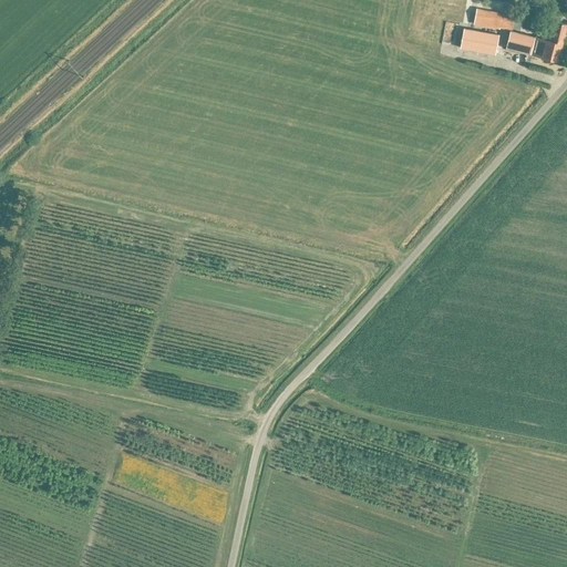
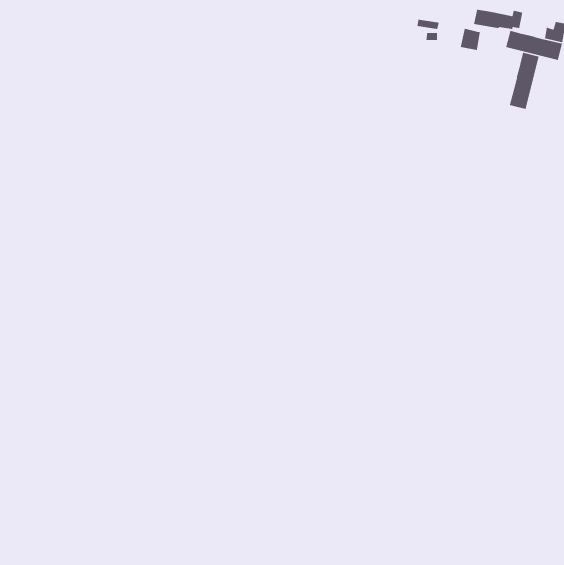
building: none -> [509,52,540,110]

